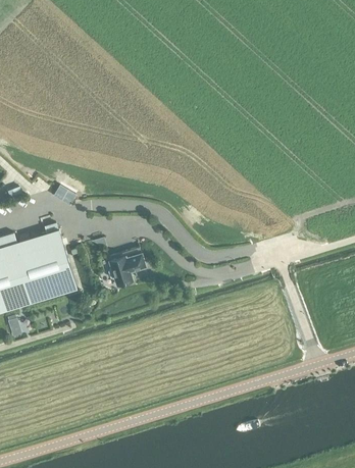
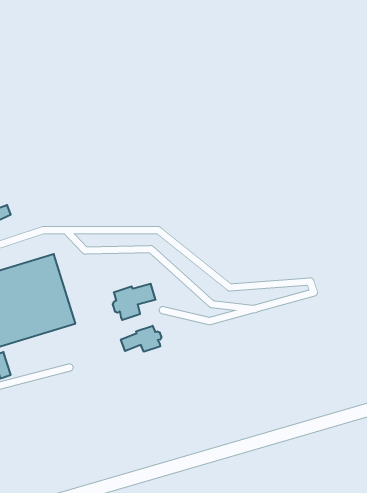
building: none -> [121,326,161,352]

